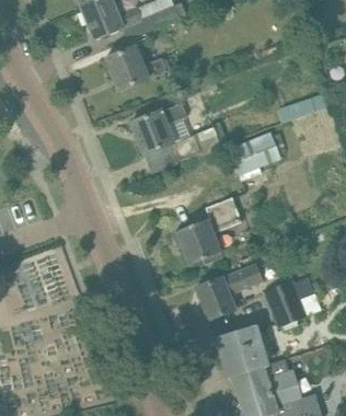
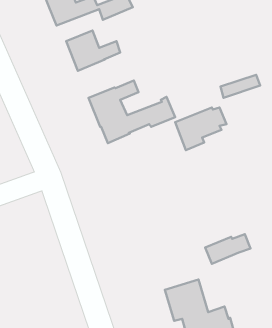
building: [174,196,242,265] -> none
building: [196,263,263,320] -> none
building: [270,297,309,326] -> none

